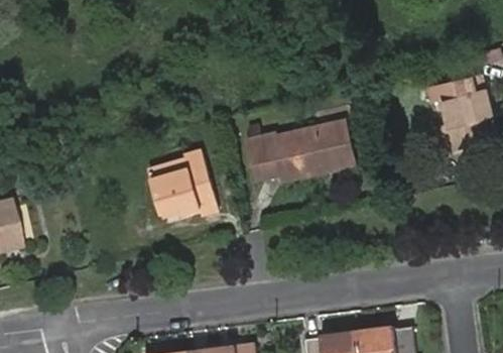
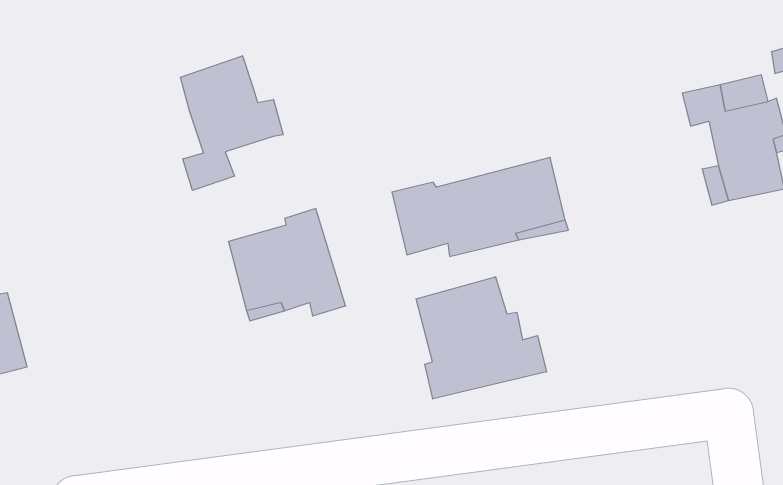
building: none -> [180,56,283,190]
building: none -> [416,277,546,399]

